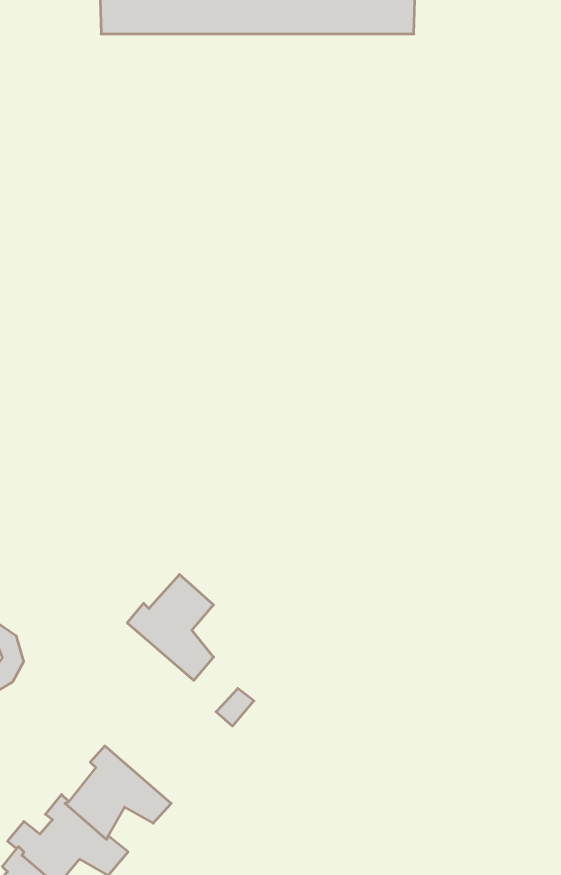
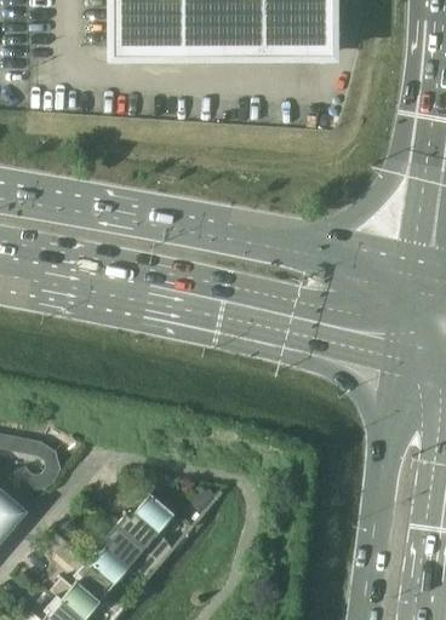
building: [127,574,214,680] -> [115,493,173,564]

